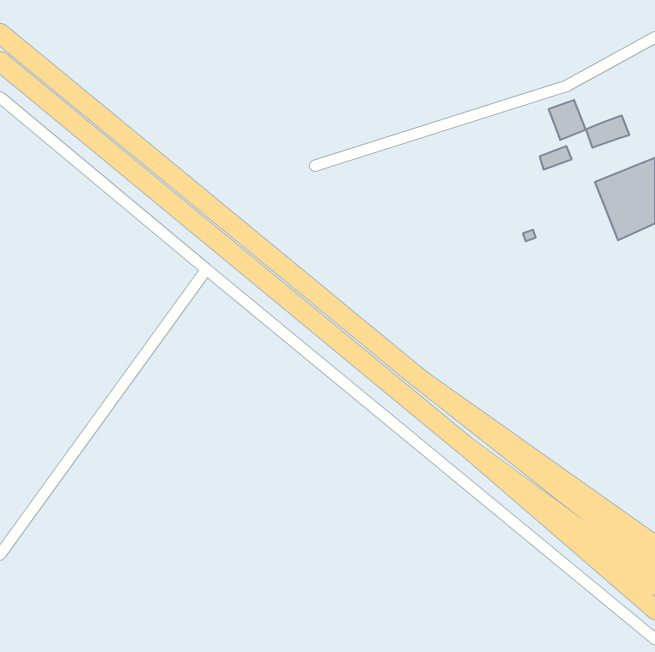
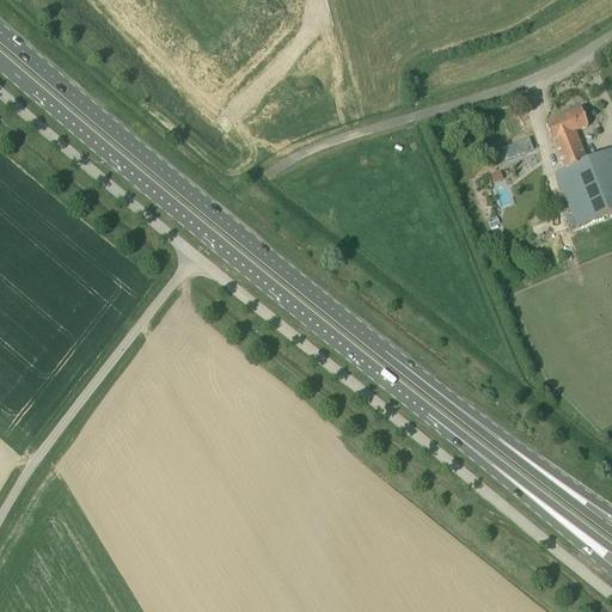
building: [549,100,586,140] -> [552,129,587,166]

